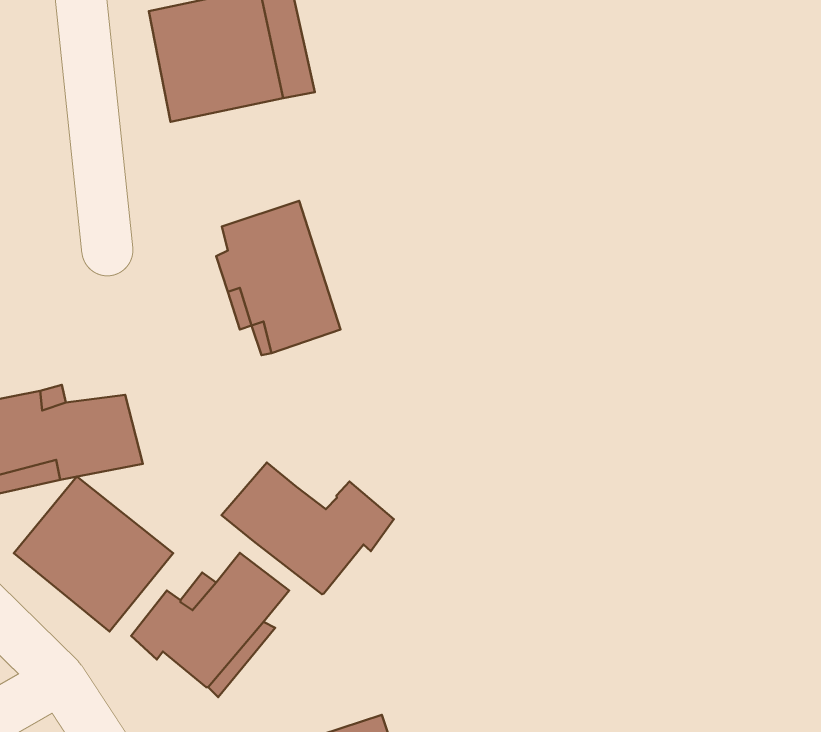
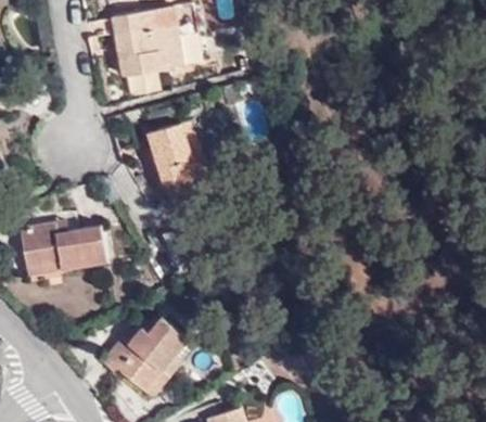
building: [222,462,394,594] -> none
building: [14,476,173,631] -> none

